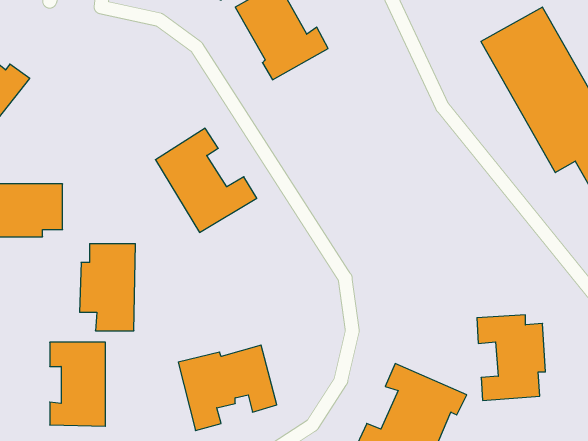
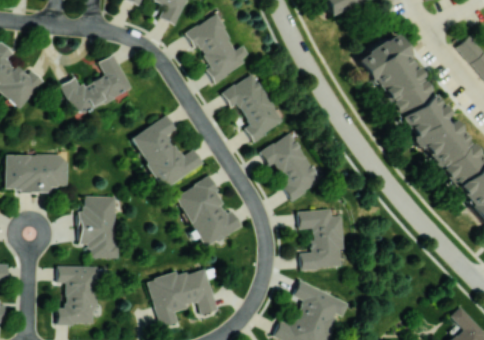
building: none -> [60,54,131,117]
building: none -> [222,73,285,142]
building: none -> [259,133,321,201]
building: none -> [175,178,241,248]
building: [477,315,545,400] -> [297,210,345,270]

